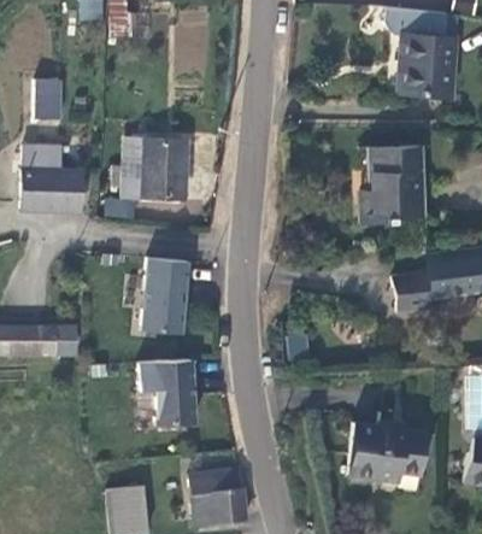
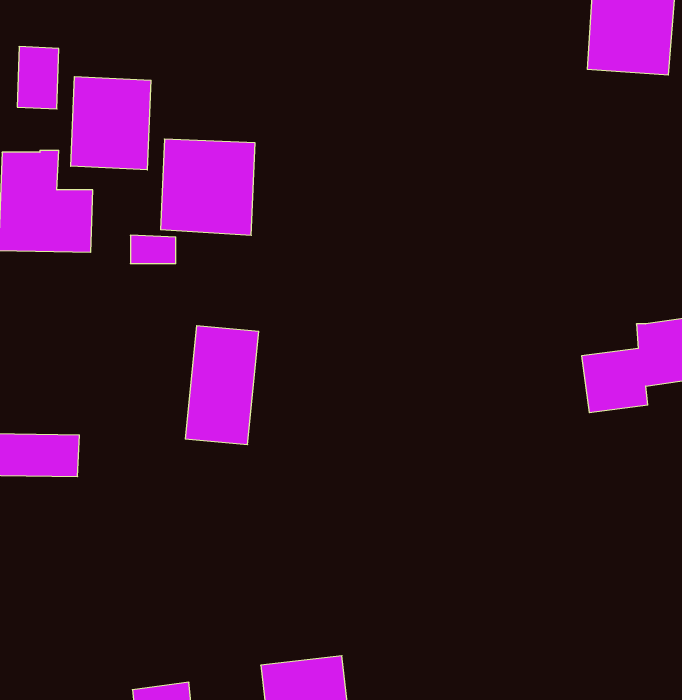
building: none -> [71,77,151,170]
building: [362,145,424,222] -> none
building: [139,359,195,424] -> none
building: [348,423,428,481] -> none

